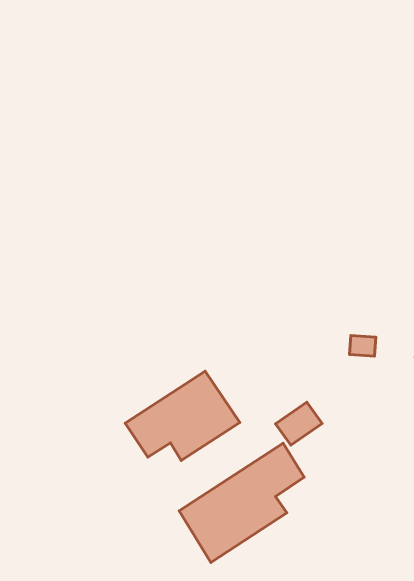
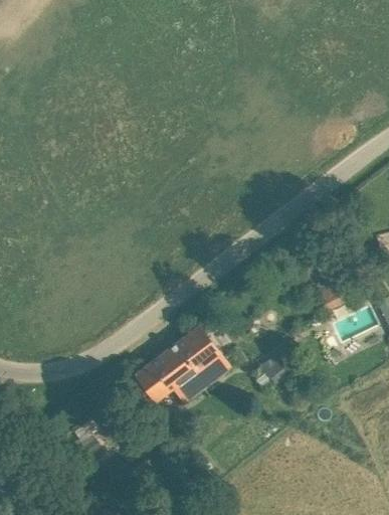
building: [179,443,304,563] -> none

